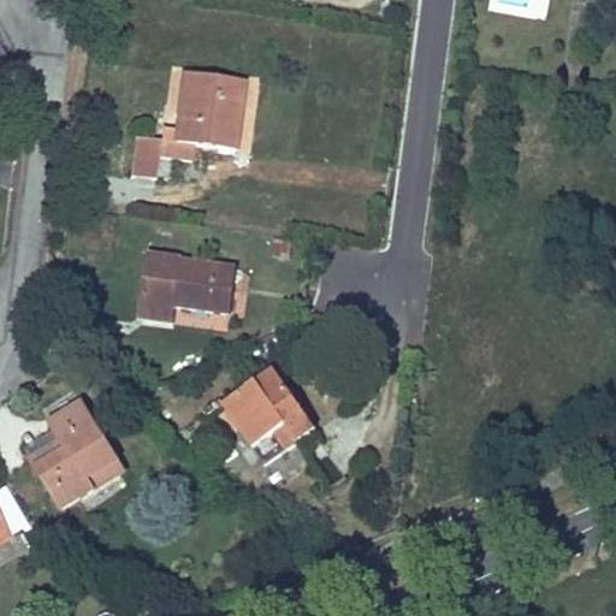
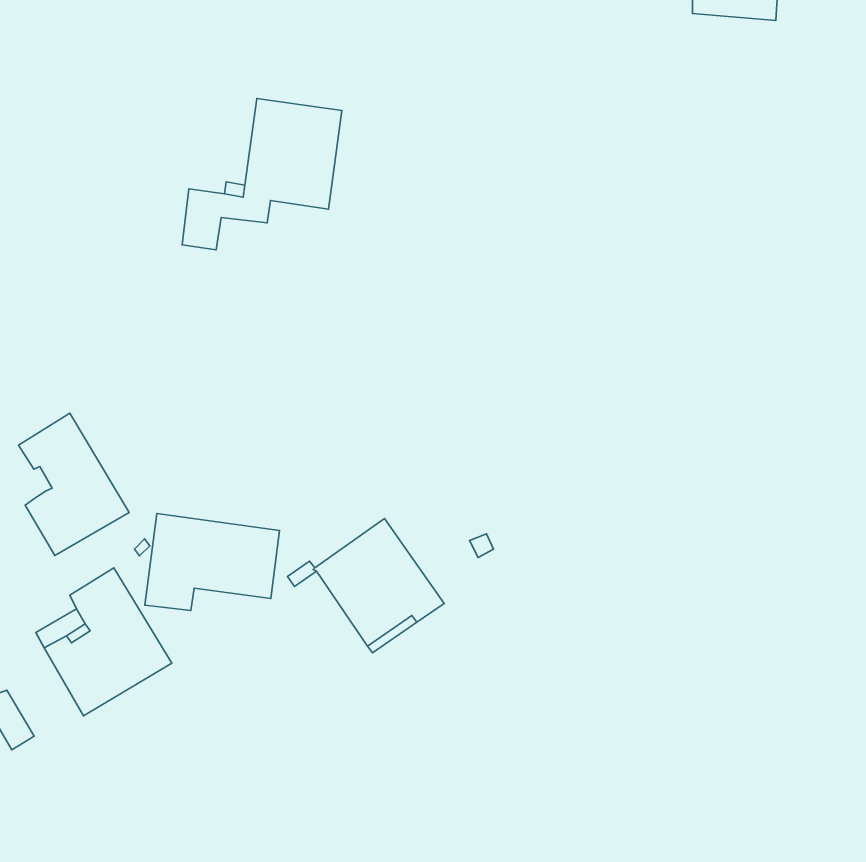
building: [140,251,235,320] -> [145,513,279,610]
building: none -> [19,413,129,556]

